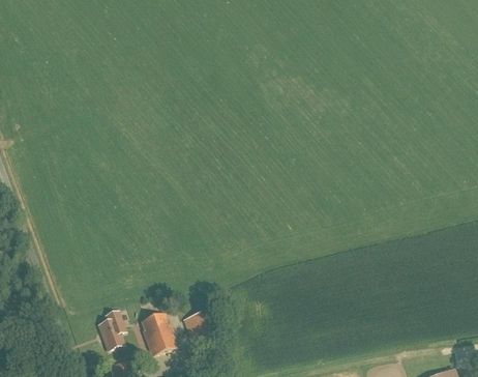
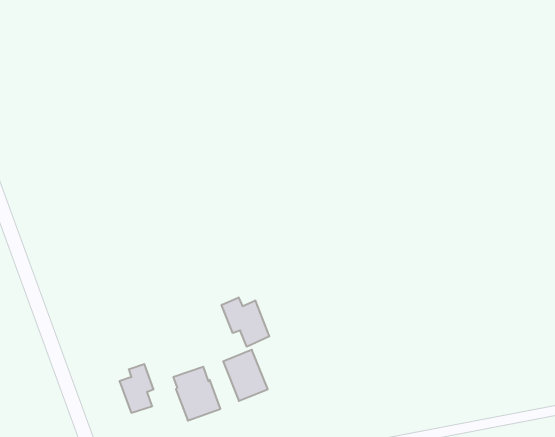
building: none -> [222,297,269,347]

